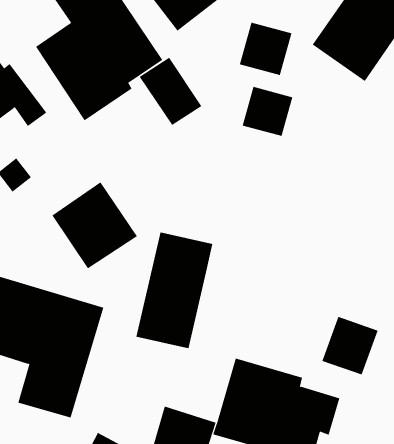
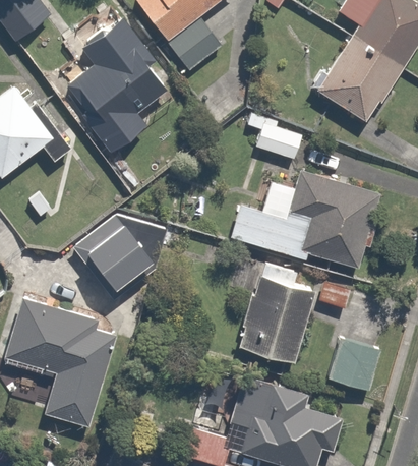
building: [239,22,292,76] -> none
building: [139,57,202,126] -> none
building: none -> [229,170,384,278]
building: [136,232,213,349] -> [241,258,313,367]

